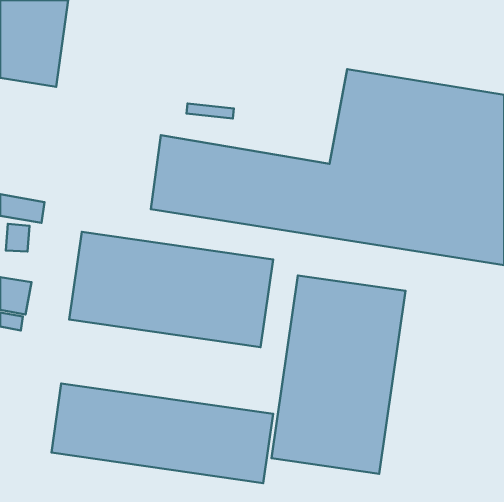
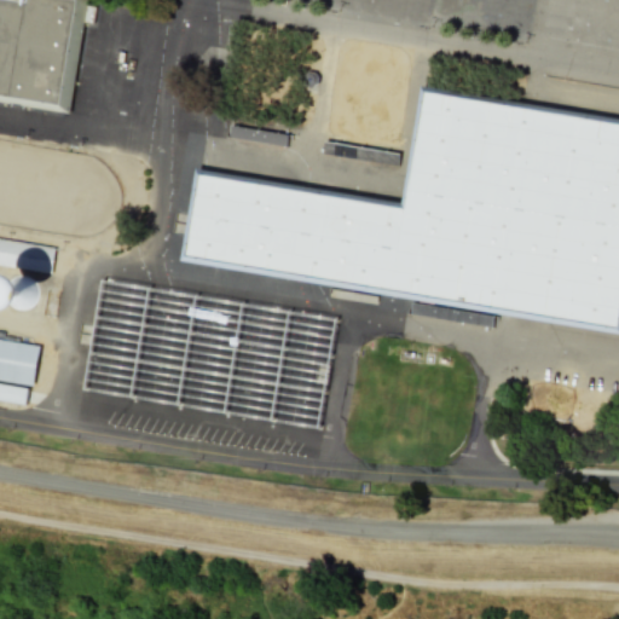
building: [272,276,406,474] -> none
building: [51,383,273,483] -> none

